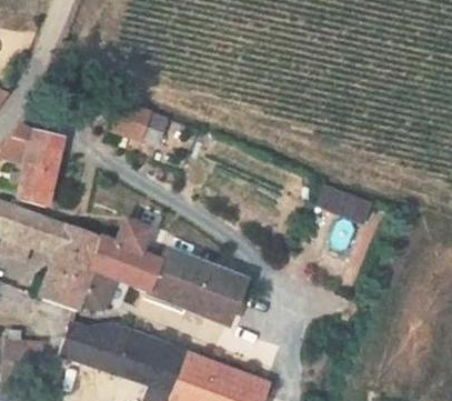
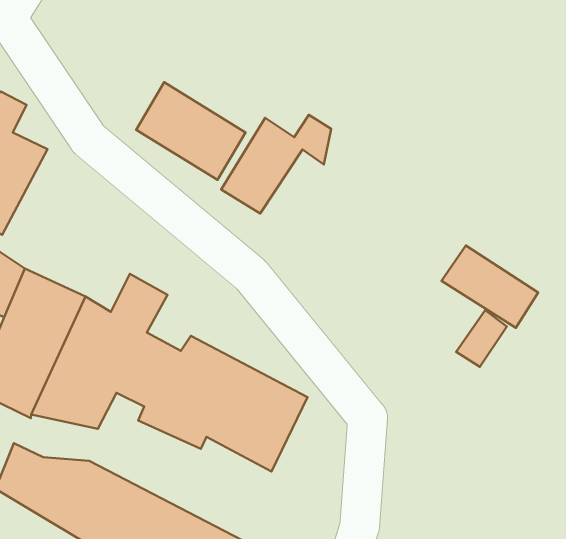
building: none -> [221,115,331,213]

